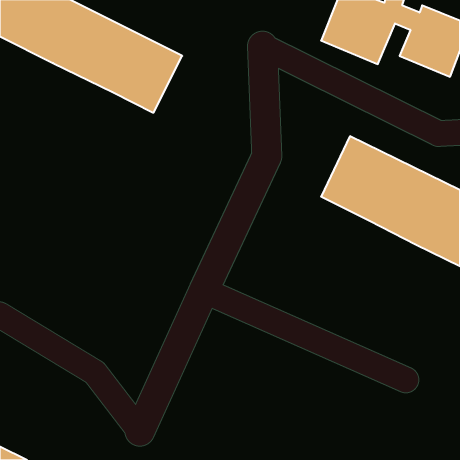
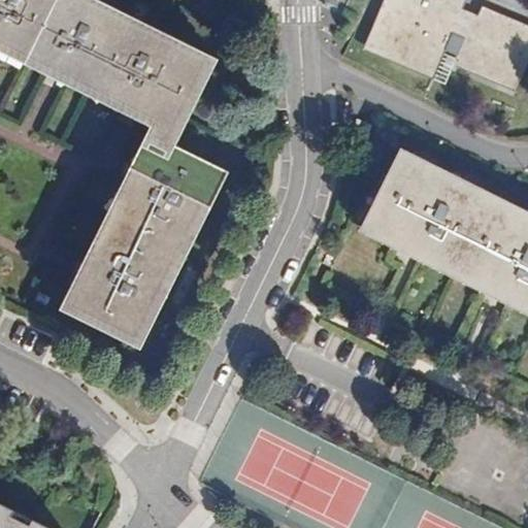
building: none -> [69,139,216,339]

